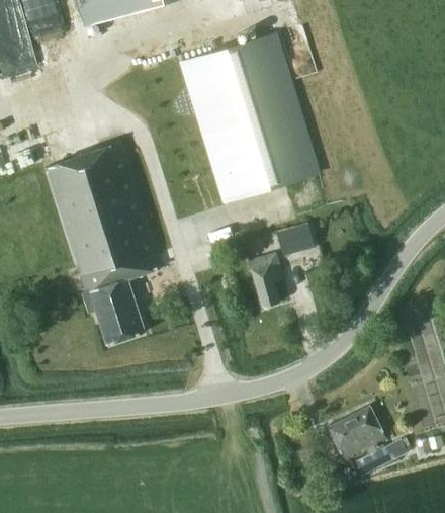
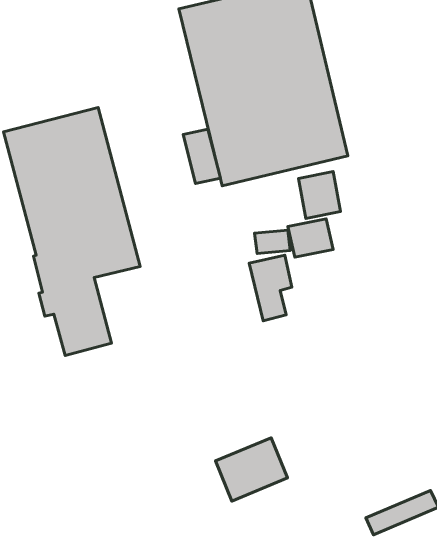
building: none -> [183,129,220,183]
building: none -> [299,171,341,218]
building: [324,407,382,459] -> [215,438,288,501]

